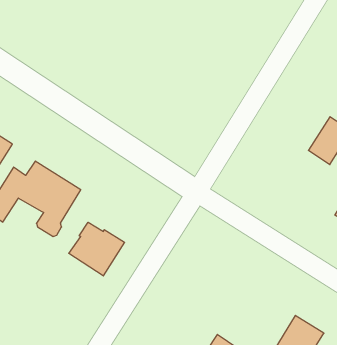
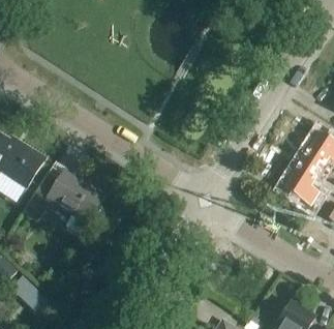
building: none -> [282,159,320,206]
building: [69,222,125,276] -> none

